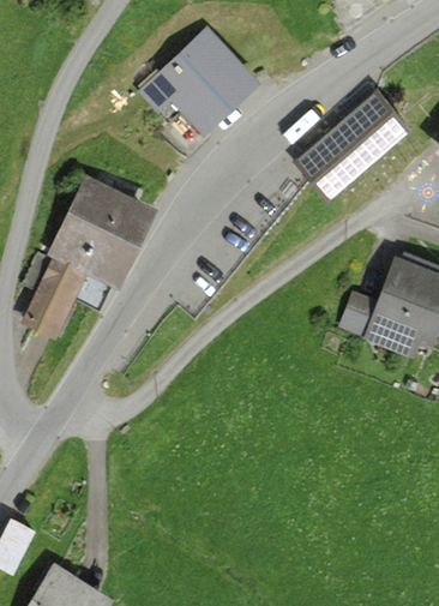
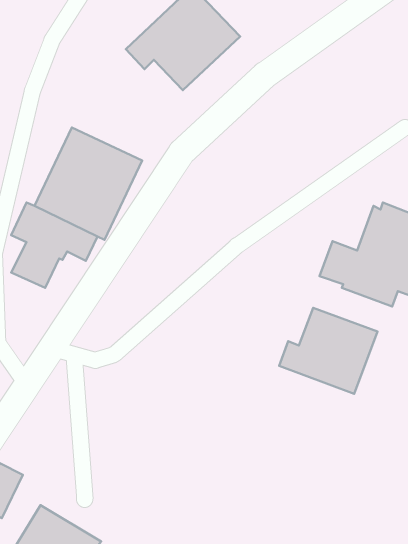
building: [293,89,413,202] -> none
building: none -> [279,308,378,394]

